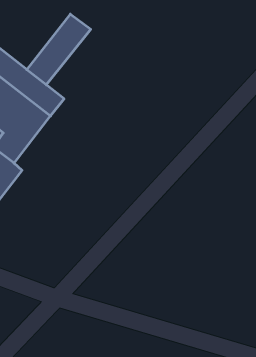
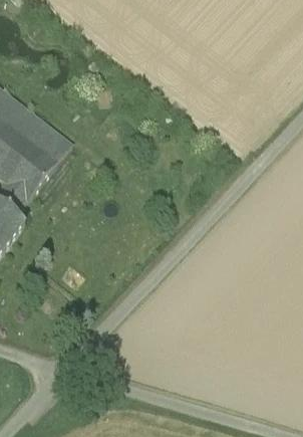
building: [27,14,91,85] -> none

